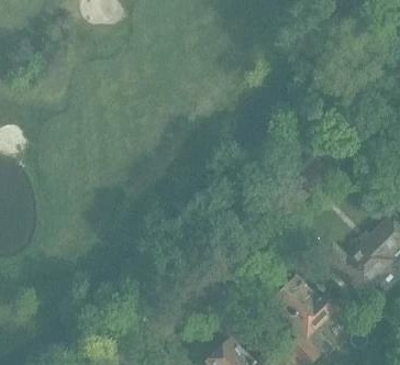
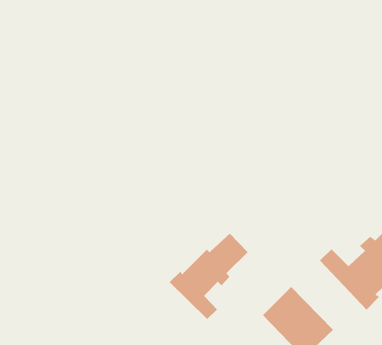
building: none -> [169,233,249,320]

